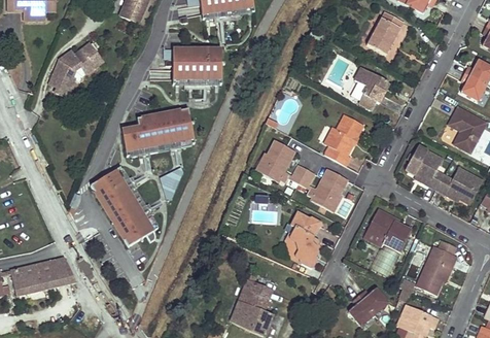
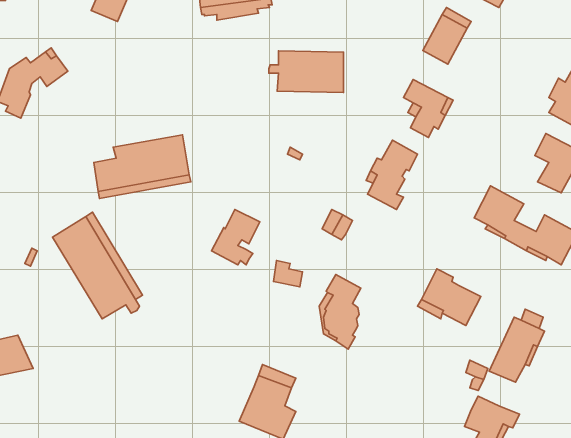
building: [166,48,221,79] -> [269,51,343,92]
building: [259,140,295,181] -> [211,209,260,265]
building: [307,168,348,211] -> none
building: [347,286,387,326] -> none

